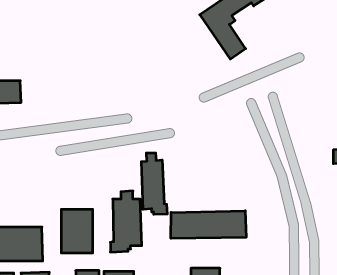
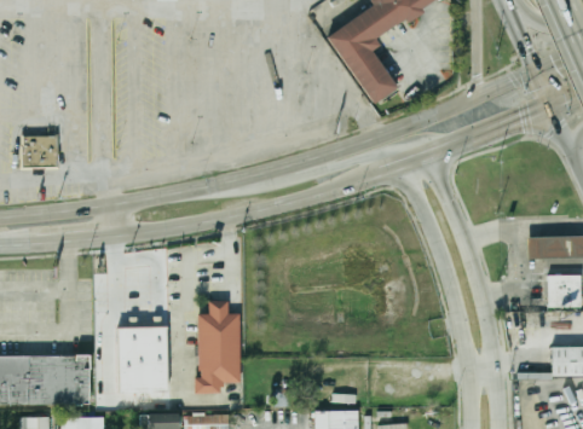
building: [141,153,167,214] -> none
building: [171,211,246,238] -> none

